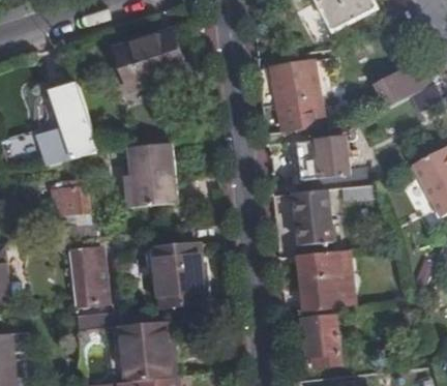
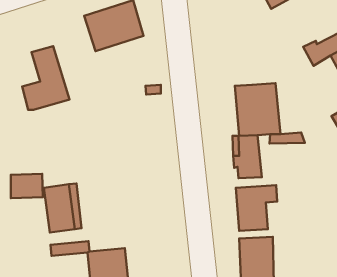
building: [270,66,317,132] -> none
building: [129,141,179,207] -> none
building: [49,185,87,214] -> [11,174,43,198]
building: [156,249,207,314] -> none

